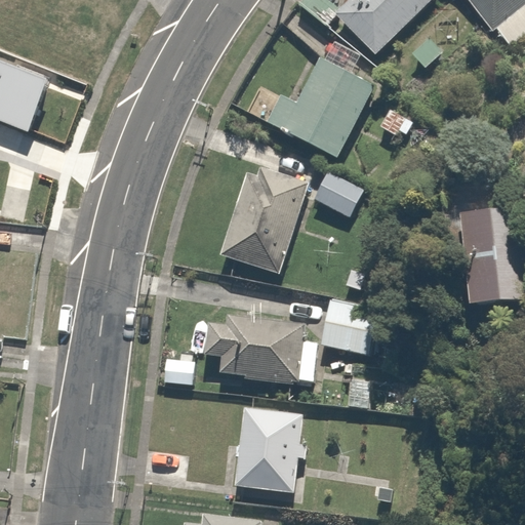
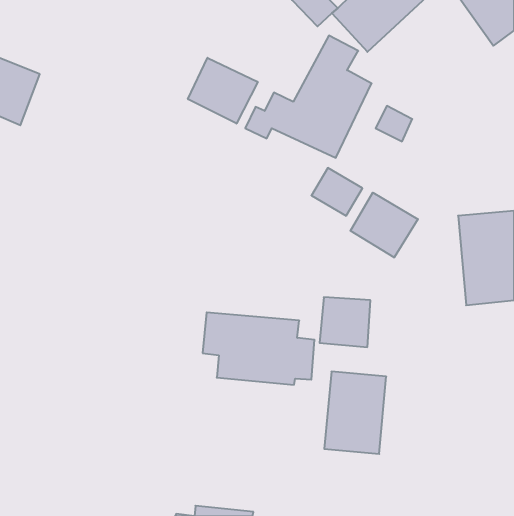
building: none -> [188,58,258,124]
building: [217,165,311,277] -> none
building: none -> [350,193,418,258]
building: [236,408,298,491] -> [324,372,386,454]

